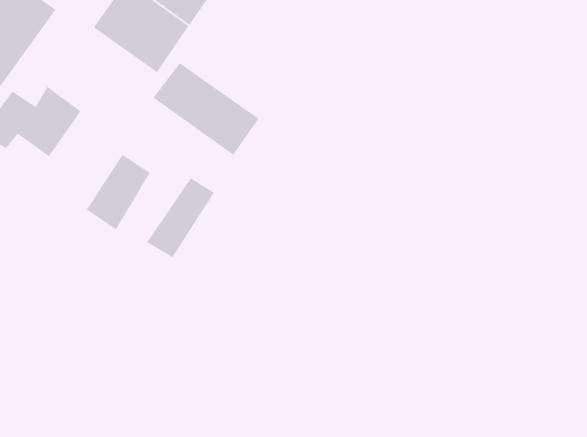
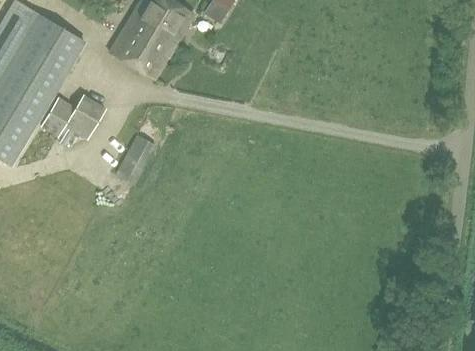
building: [152,62,260,156] -> none
building: [146,177,215,258] -> none

